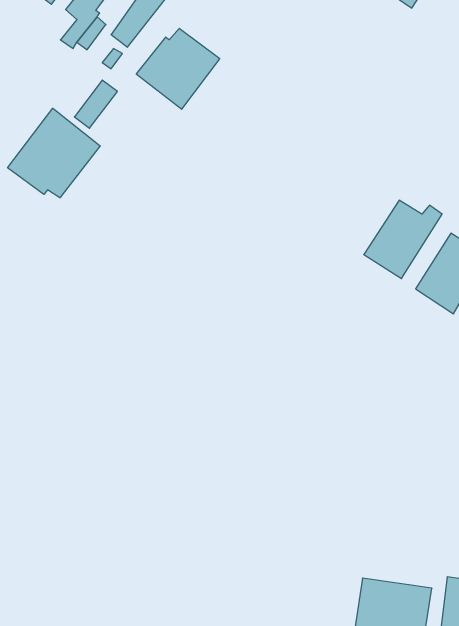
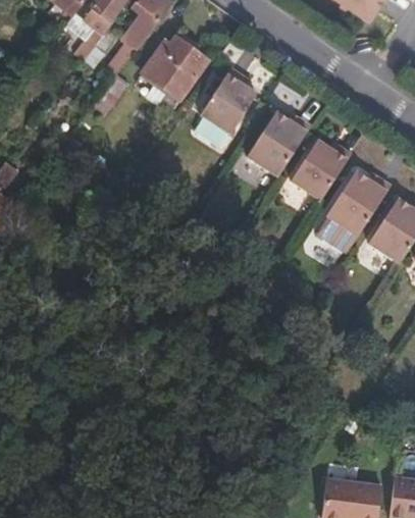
building: none -> [199,67,256,136]
building: [8,108,100,198] -> none
building: none -> [245,113,309,178]
building: none -> [289,140,351,202]

